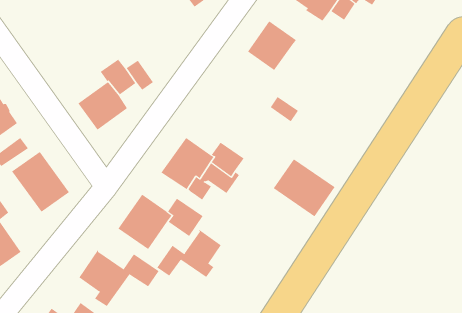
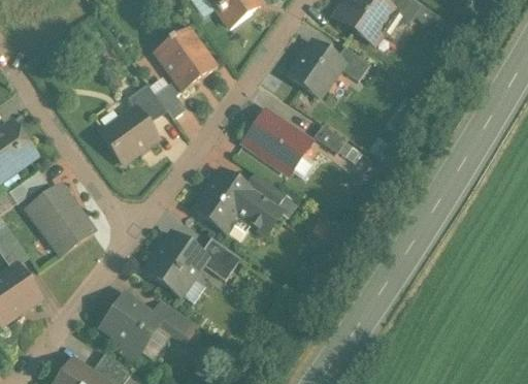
building: none -> [153,27,218,93]
building: none -> [336,46,370,81]
building: [273,158,336,217] -> [242,109,311,174]
building: [156,229,223,278] -> none

